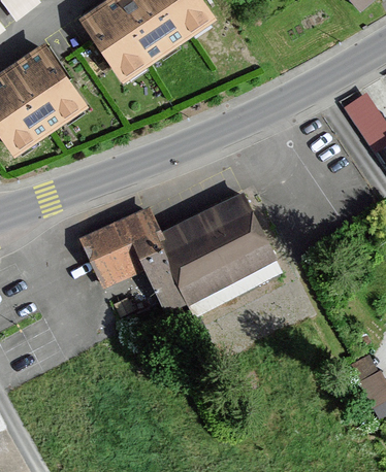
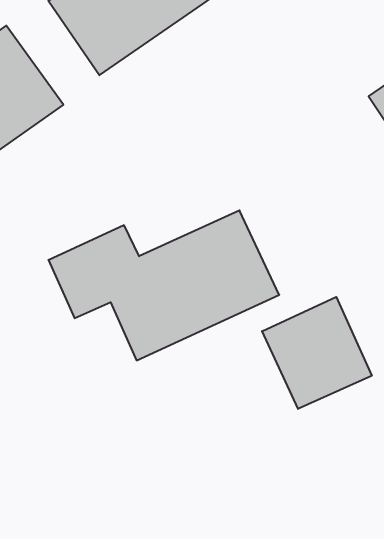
building: none -> [262,297,372,409]

